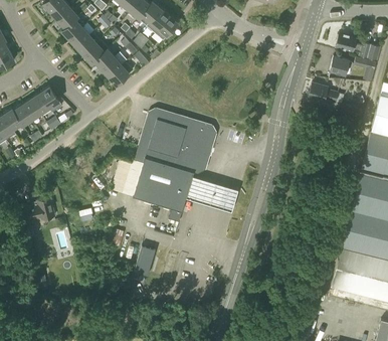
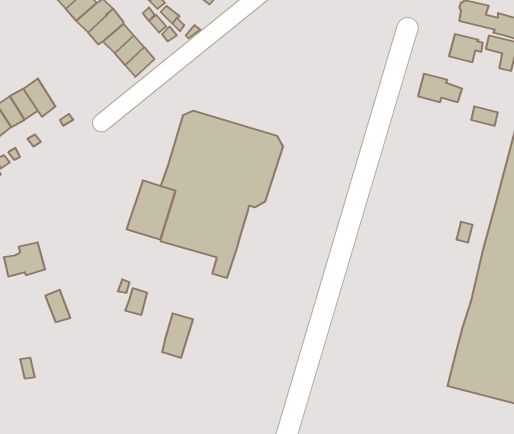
building: [187,177,238,211] -> none

